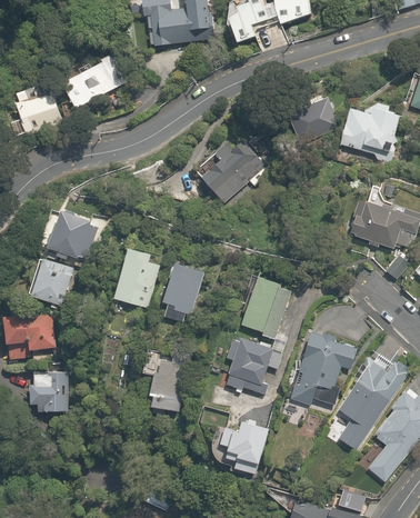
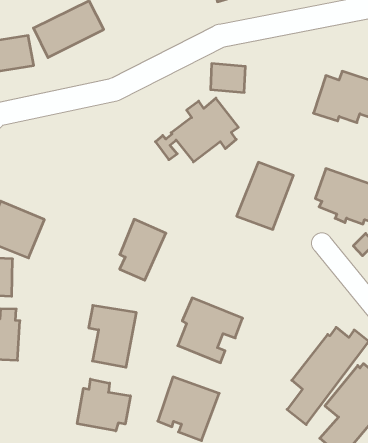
building: [294,98,329,123] -> [211,64,245,92]
building: [46,212,99,262] -> none
building: [112,247,160,307] -> none
building: [239,276,291,340] -> [237,162,293,229]
building: [290,331,358,407] -> none
building: none -> [77,379,130,431]

